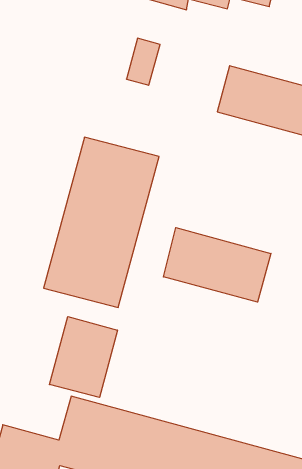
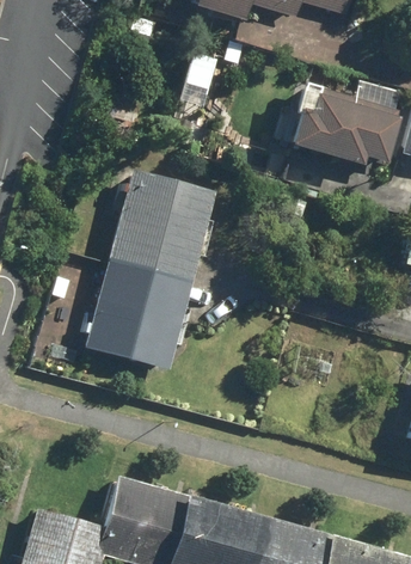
building: [163,228,271,302] -> none
building: [49,317,117,397] -> none

